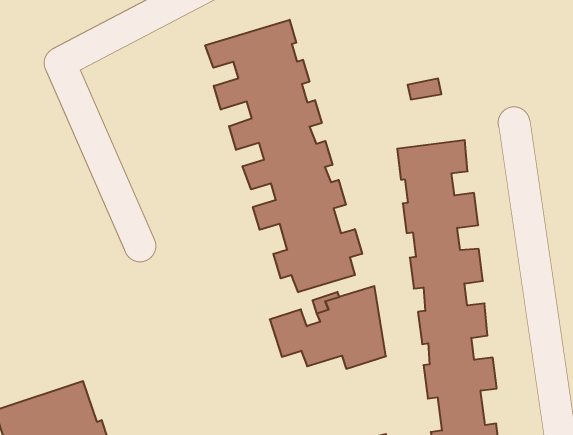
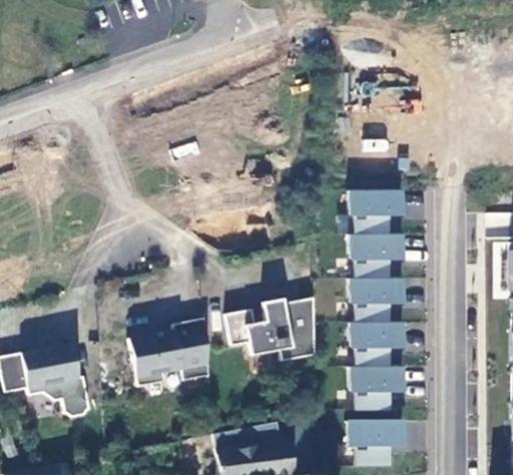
building: [205,20,362,292] -> none
building: none -> [131,318,211,386]

